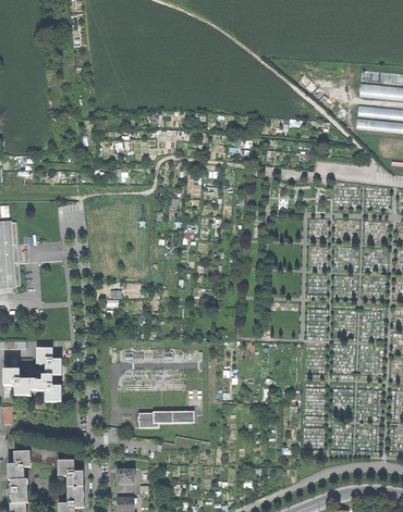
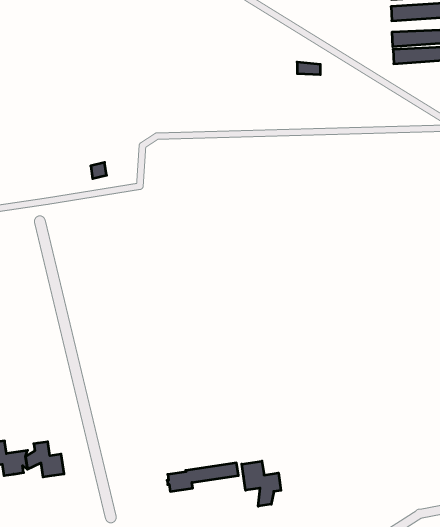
building: [36,348,61,375] -> none
building: none -> [242,461,281,506]

